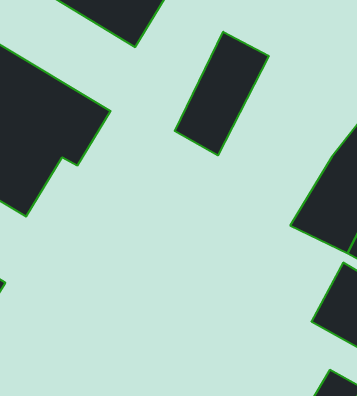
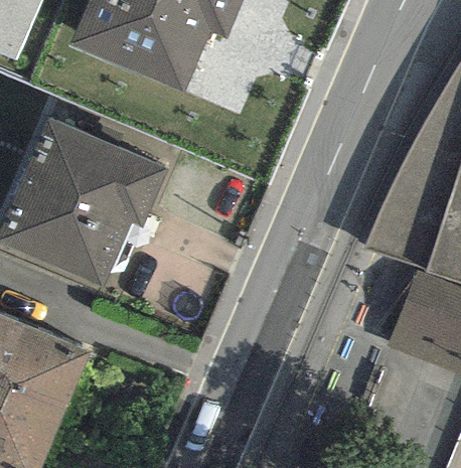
building: [175,32,269,155] -> none

